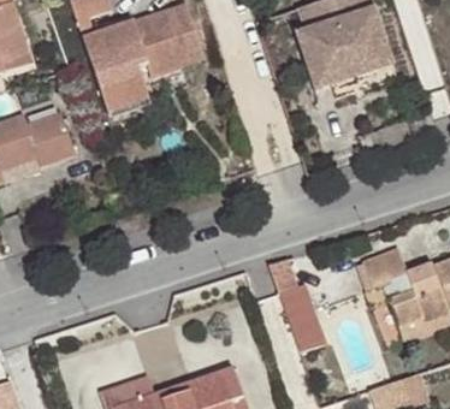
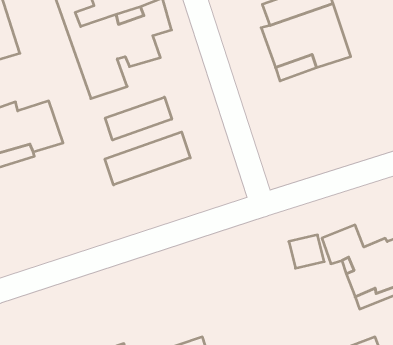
building: none -> [105,97,172,140]
building: none -> [105,132,190,185]
building: [268,261,324,349] -> none

